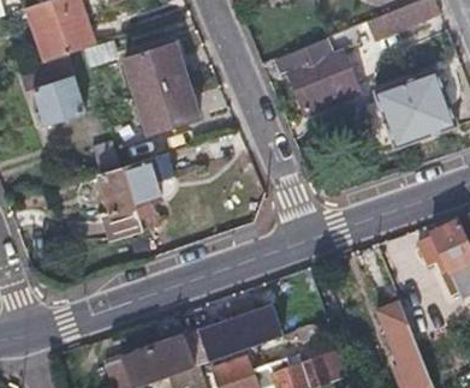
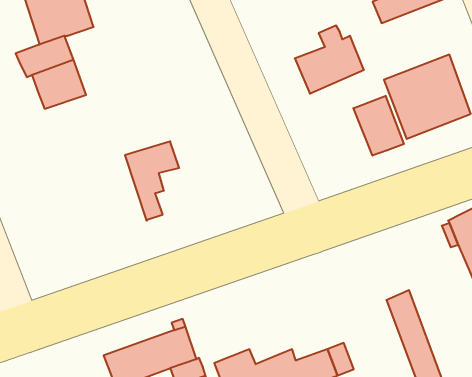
building: [126,44,202,137] -> none
building: none -> [353,96,404,156]
building: [101,168,145,241] -> none
building: [200,300,291,359] -> none

